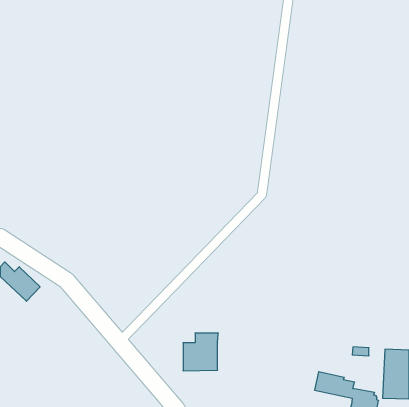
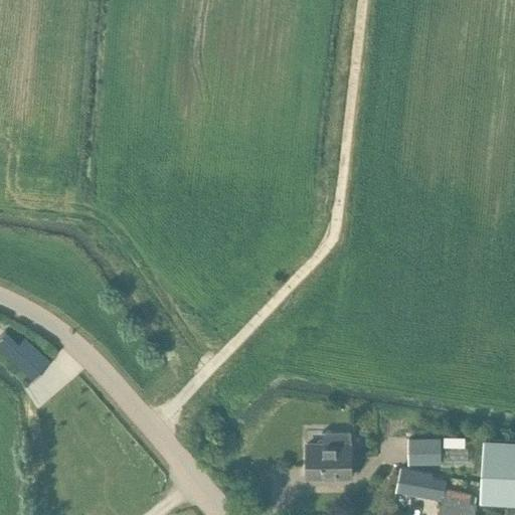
building: [183,333,218,371] -> [307,434,351,481]
building: none -> [407,441,441,468]

